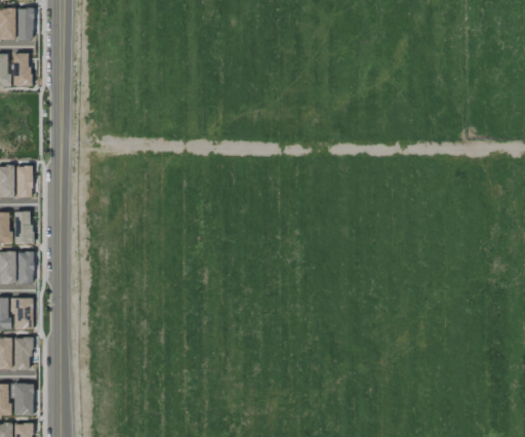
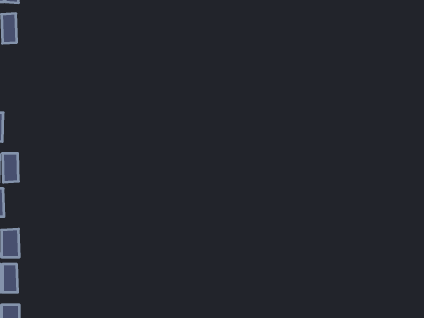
building: [14,166,31,197] -> none
building: [16,251,32,283] -> none

